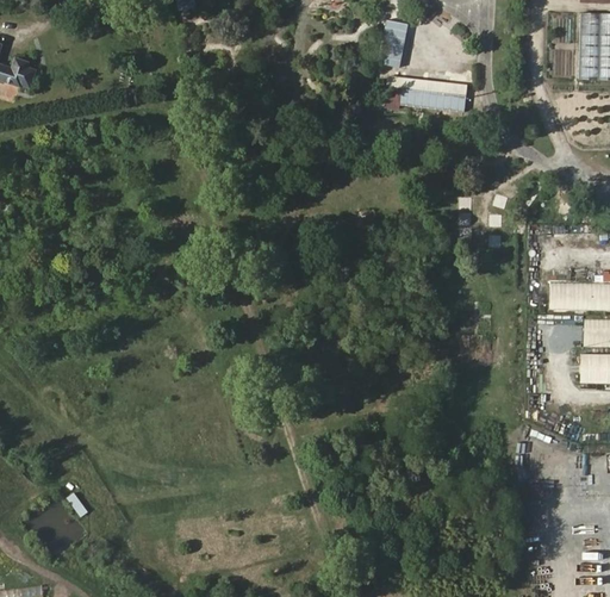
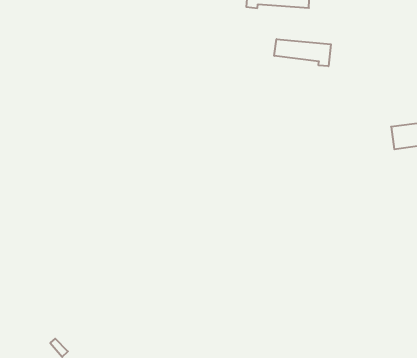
building: none -> [274,39,331,66]

